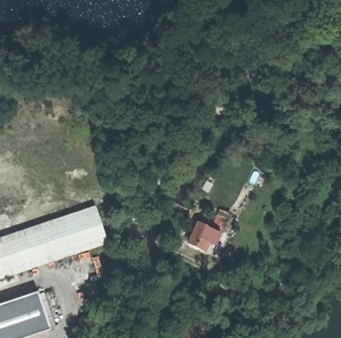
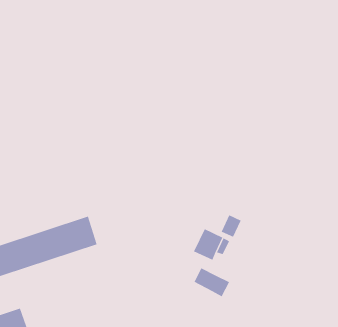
building: none -> [194,268,230,297]

